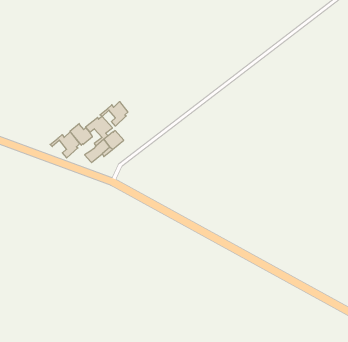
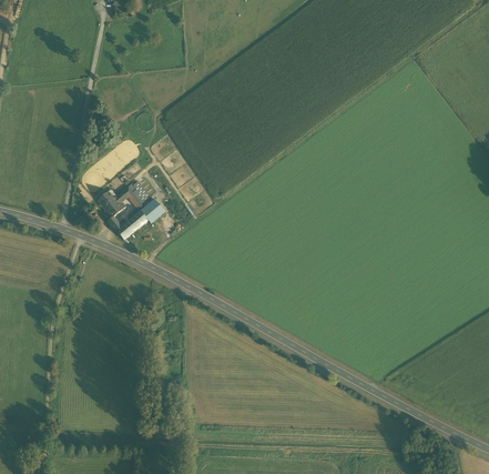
building: [100,102,128,126] -> none
building: [50,132,79,158] -> none

